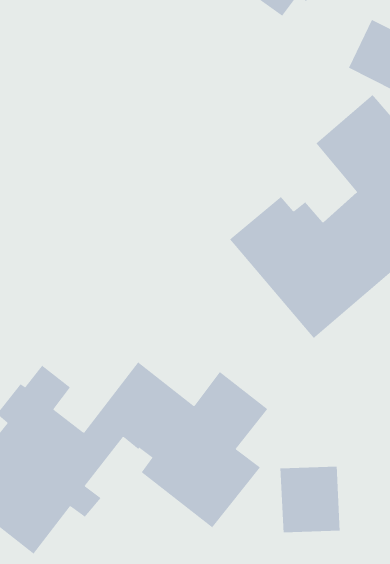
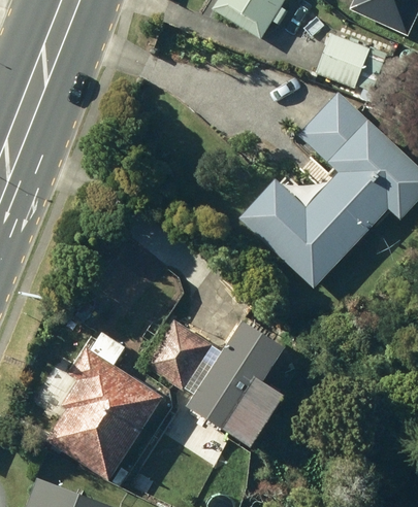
building: [280,466,340,533] -> none

